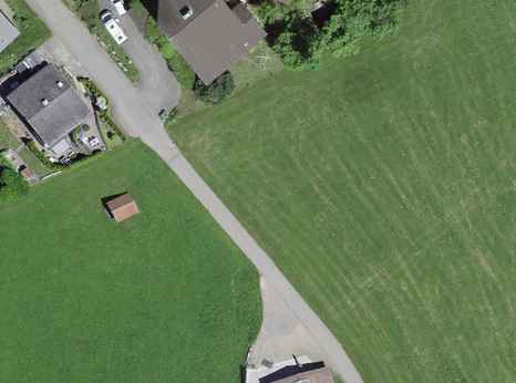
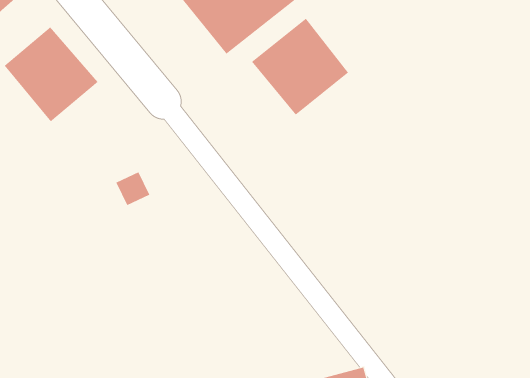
building: none -> [251,18,349,116]

